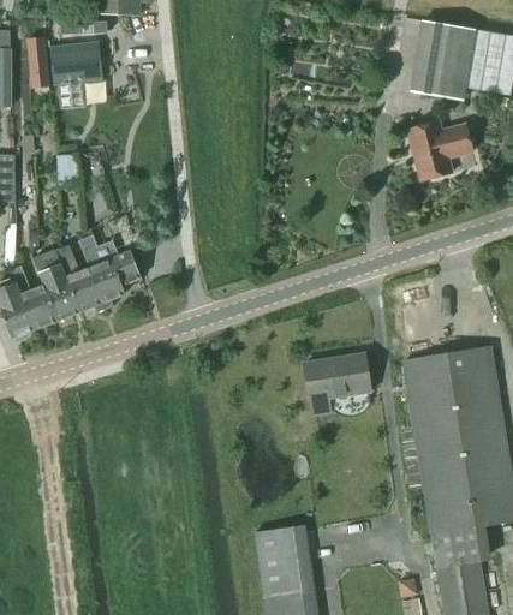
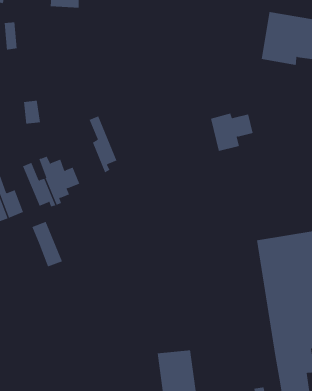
building: [49,40,102,107] -> none
building: [407,121,472,179] -> [210,113,254,152]
building: none -> [89,115,117,173]
building: [32,250,79,318] -> [32,221,63,267]
building: [304,353,370,413] -> none

